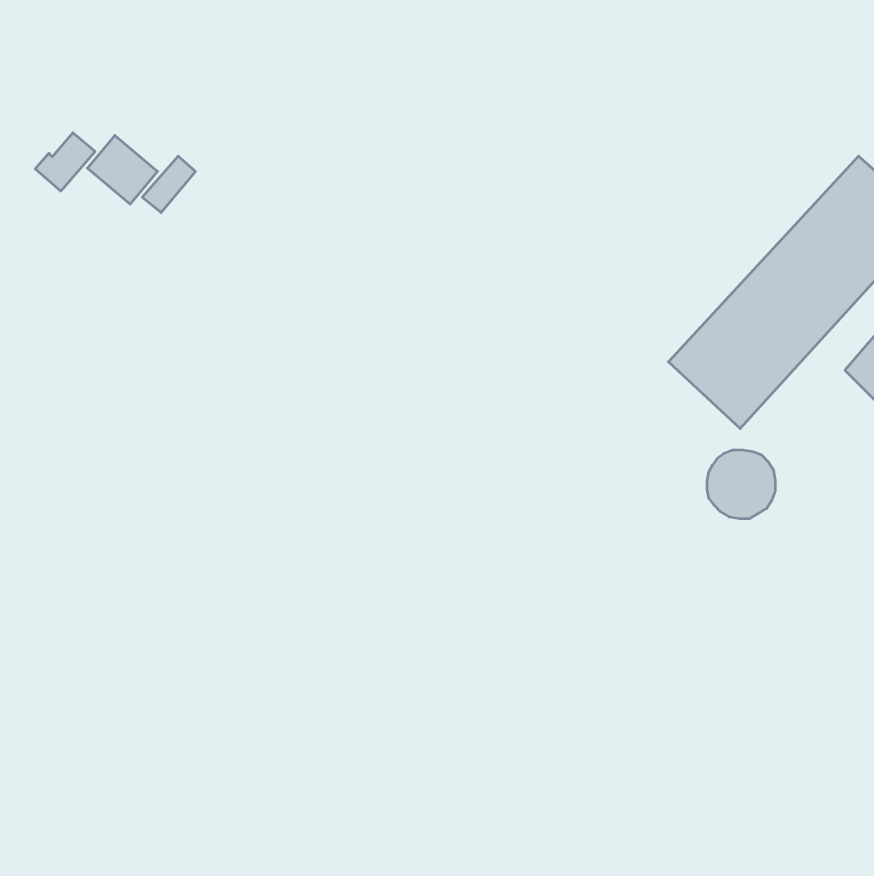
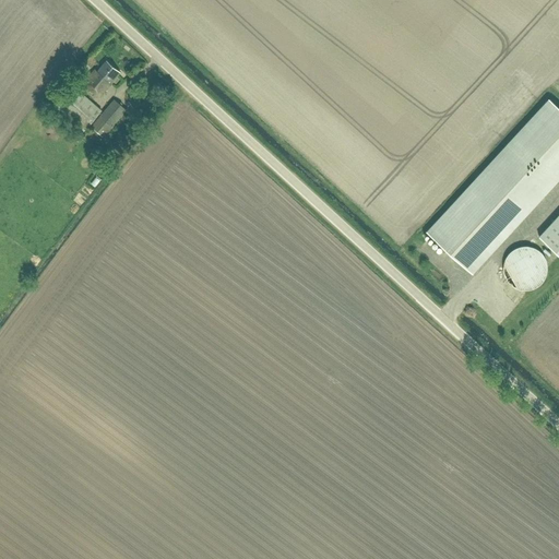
building: [35,133,95,191] -> [83,60,121,97]
building: [707,450,775,519] -> [503,246,547,289]

